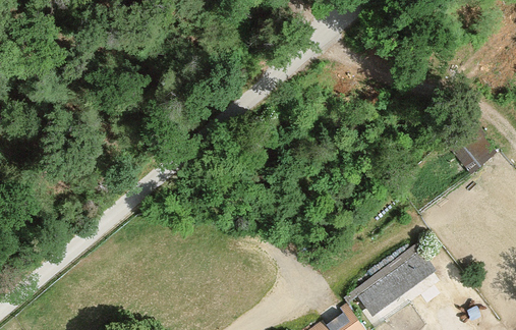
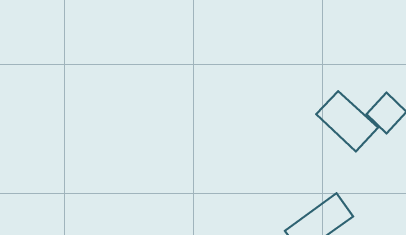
building: none -> [316,91,378,152]

